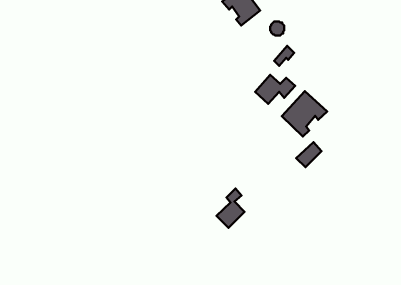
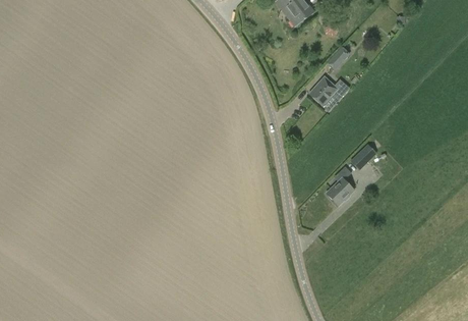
building: [282,91,327,137] -> none
building: [216,189,245,228] -> [326,166,354,206]

